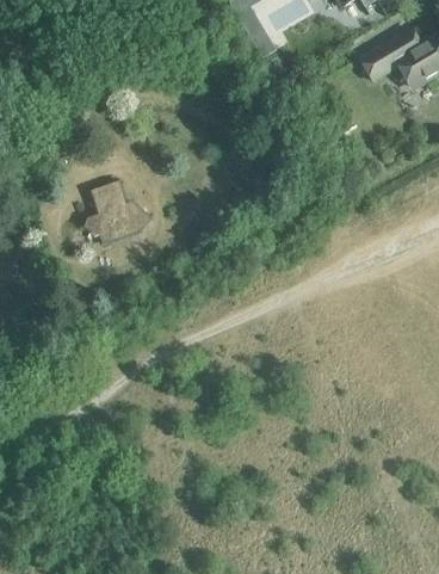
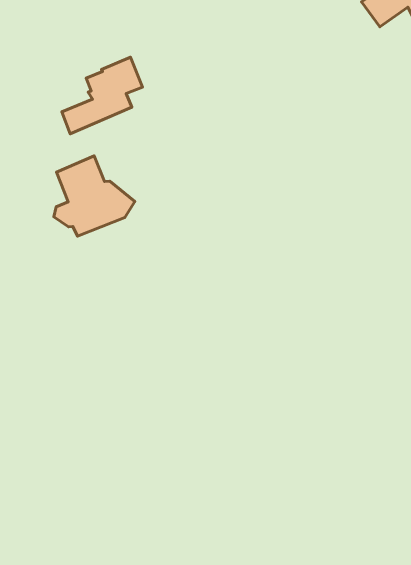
building: none -> [62,57,142,134]

